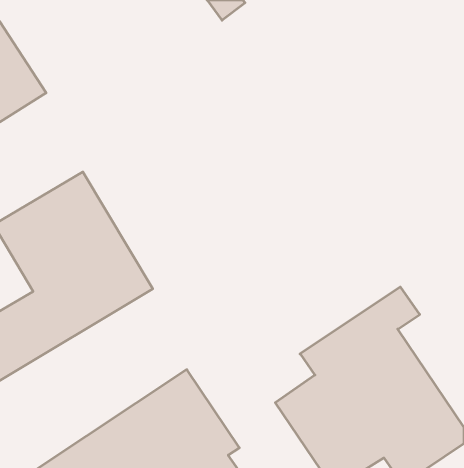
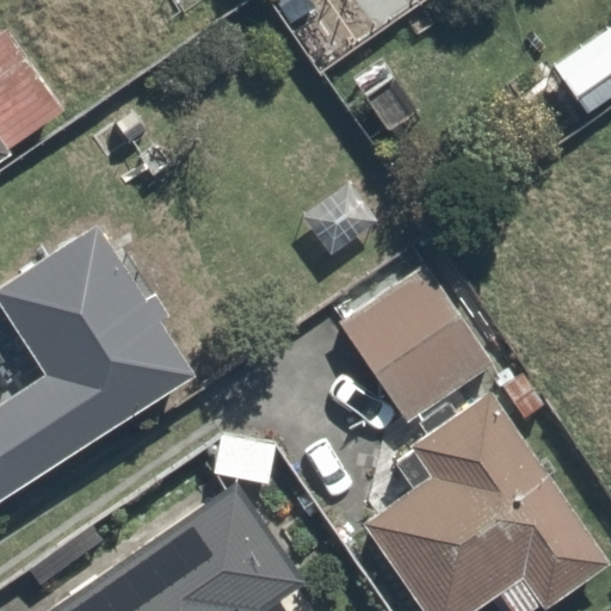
building: none -> [320,260,498,427]

